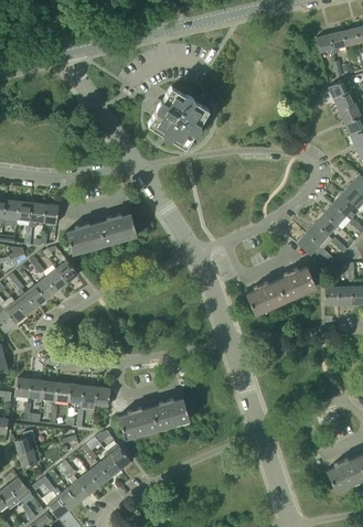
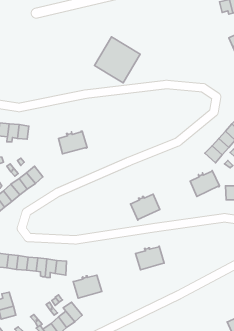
building: [65,223,104,254] -> none
building: [245,280,285,315] -> [130,194,160,220]
building: [150,397,189,429] -> [136,246,164,270]

